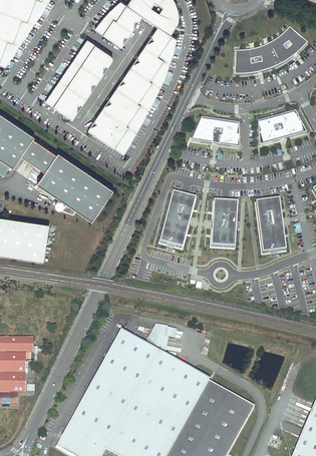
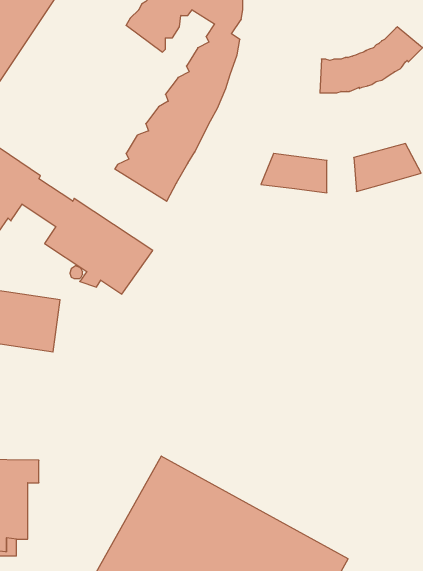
building: [44,38,112,119] -> none
building: [157,192,195,251] -> none
building: [253,199,285,256] -> none
building: [210,200,237,250] -> none

